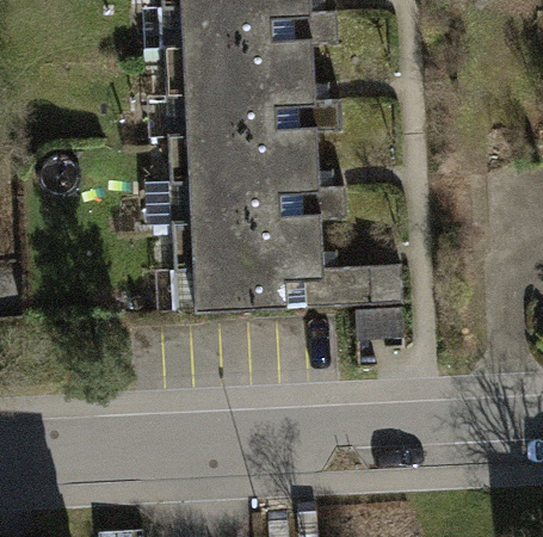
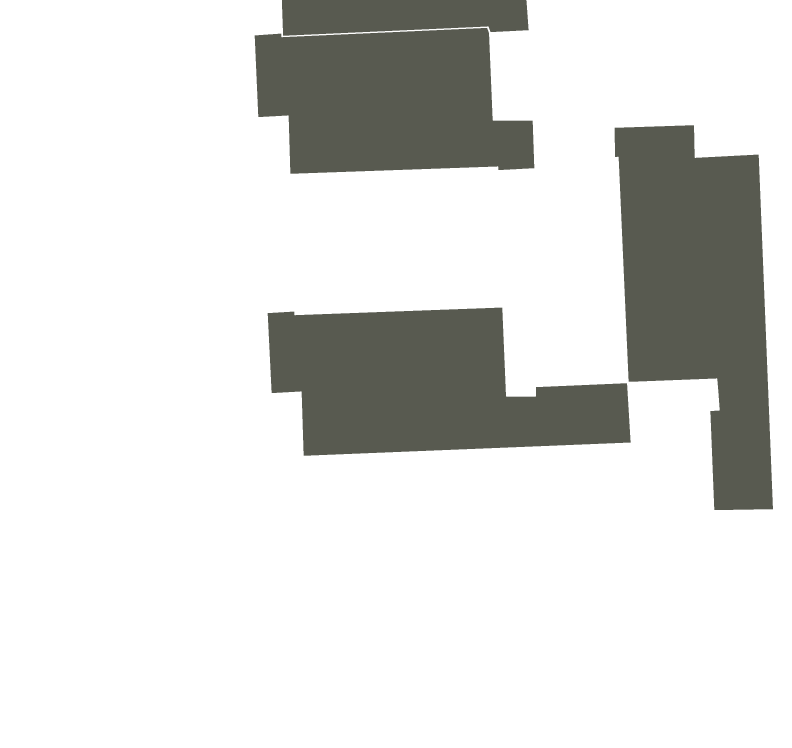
building: none -> [614,124,774,511]
building: [168,126,347,220] -> none

